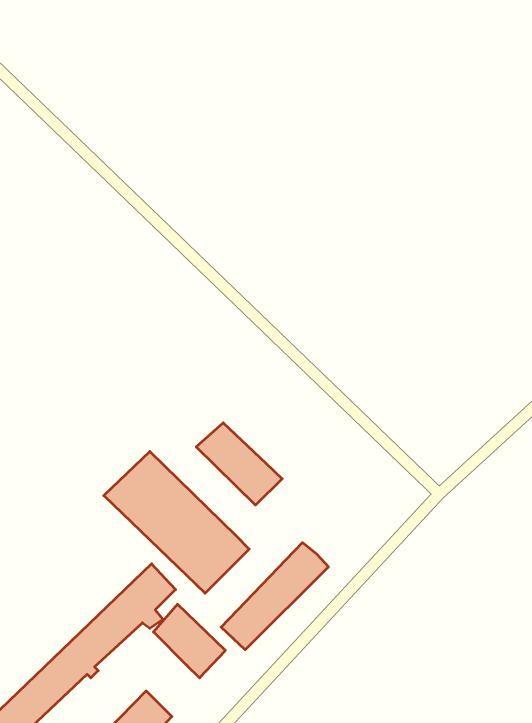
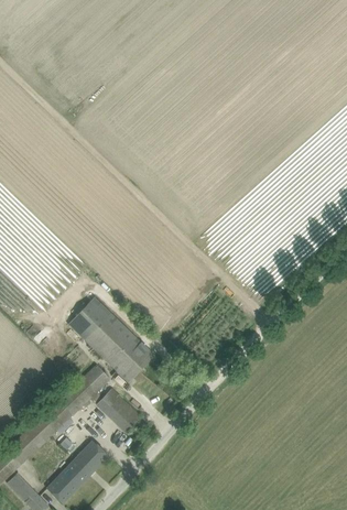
building: [196,423,282,505] -> none
building: [221,543,328,650] -> none

